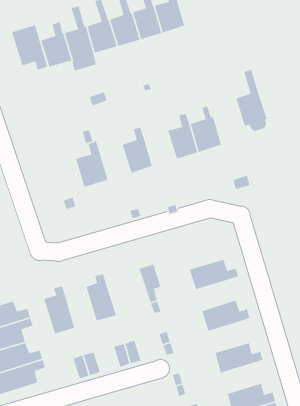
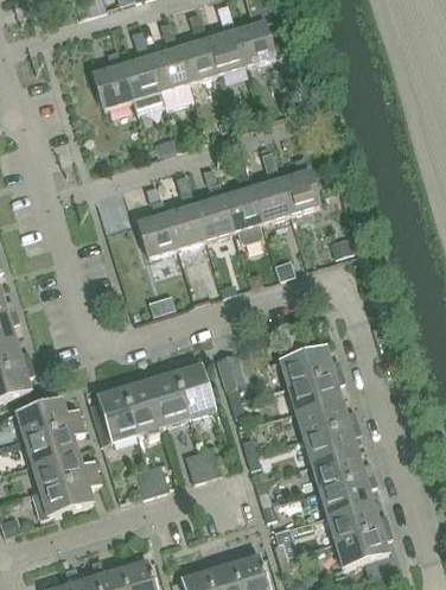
building: [11,24,48,71] -> none
building: [236,69,268,132] -> [223,159,263,239]
building: none -> [167,175,206,249]
building: none -> [172,362,215,419]
building: none -> [287,370,345,413]
building: none -> [121,378,163,434]
building: none -> [302,423,361,465]
building: none -> [318,475,376,516]

